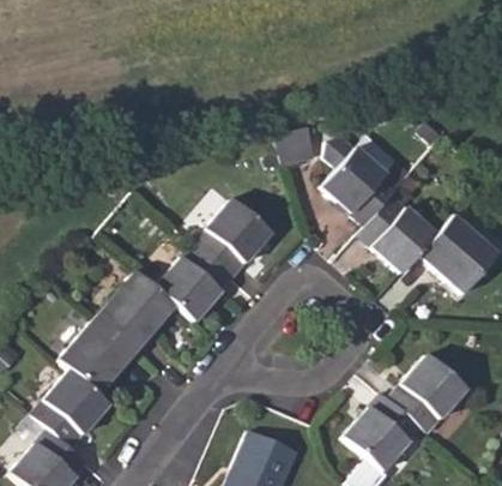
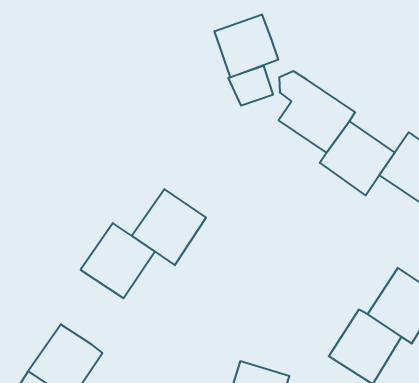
building: none -> [215,14,278,77]
building: [195,198,273,276] -> none
building: [60,314,139,394] -> none

